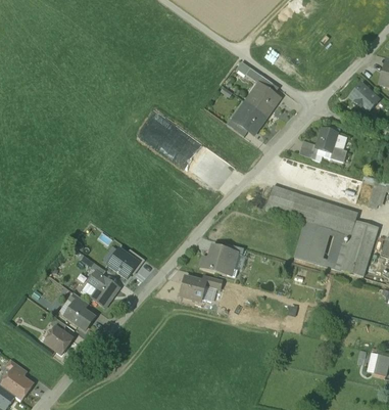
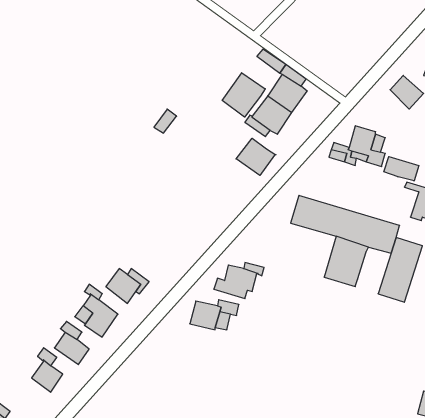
building: none -> [222,73,265,117]
building: none -> [236,138,276,175]
building: none -> [384,157,419,181]
building: [321,230,351,270] -> none

